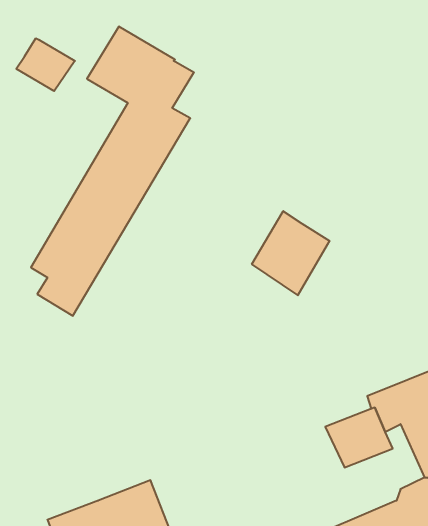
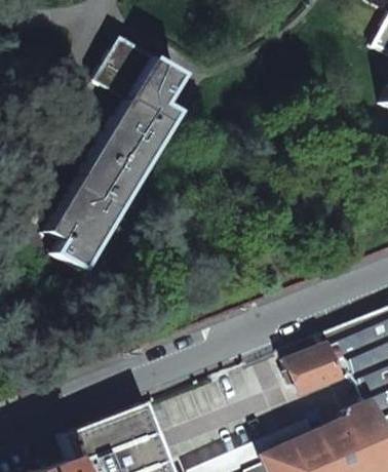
building: [16,38,75,91] -> none
building: [252,211,329,295] -> none

